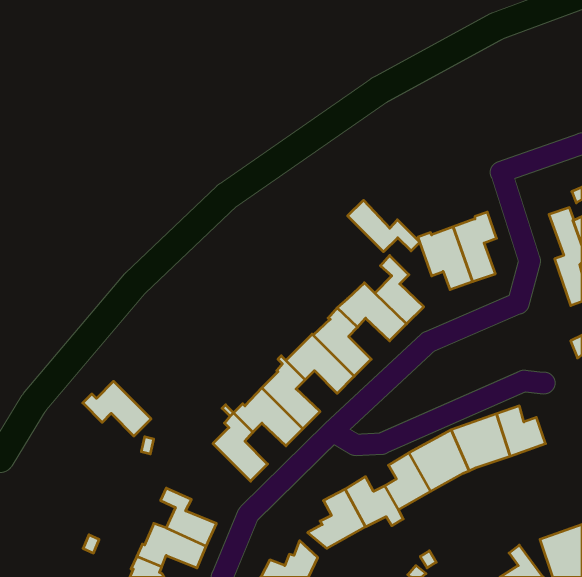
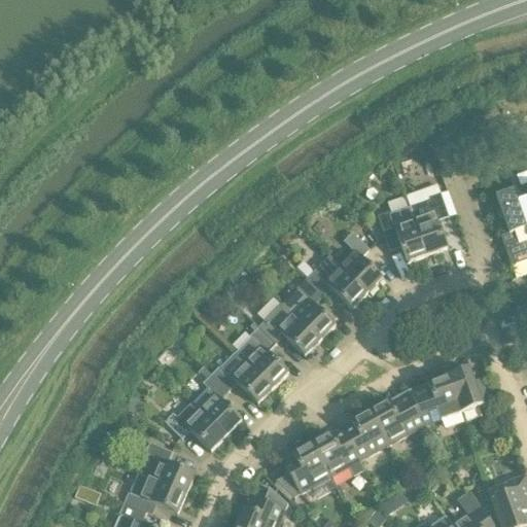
building: [348,200,420,252] -> none
building: [83,381,151,436] -> [165,400,226,450]

